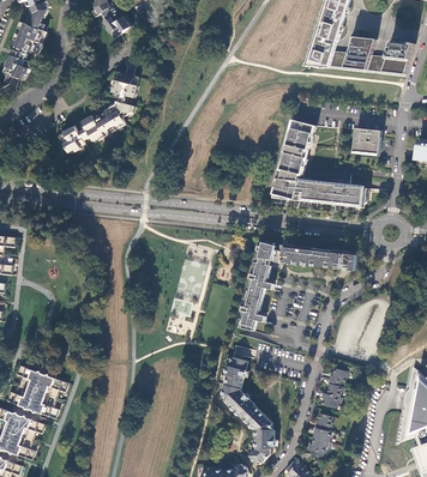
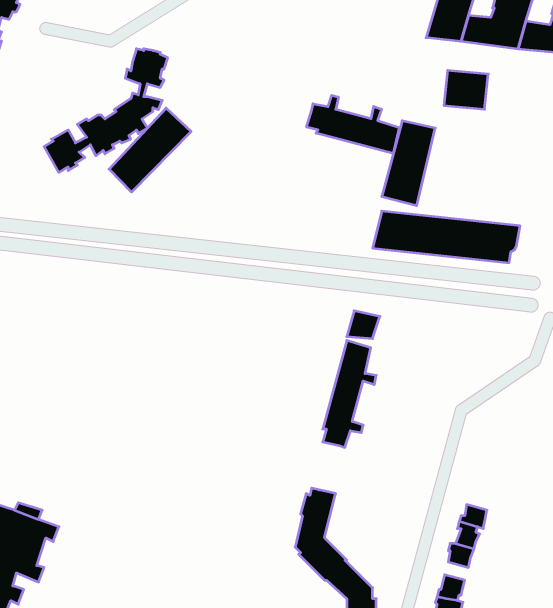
building: none -> [307,95,399,154]
building: none -> [109,108,191,192]
building: [351,128,380,153] -> [444,70,488,109]
building: [279,247,356,270] -> none

